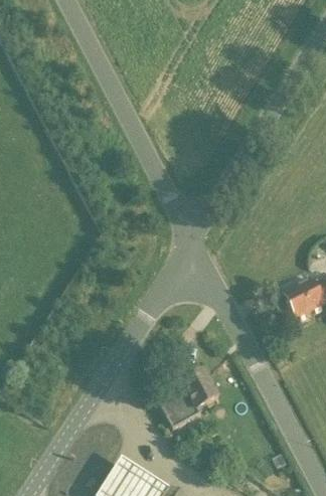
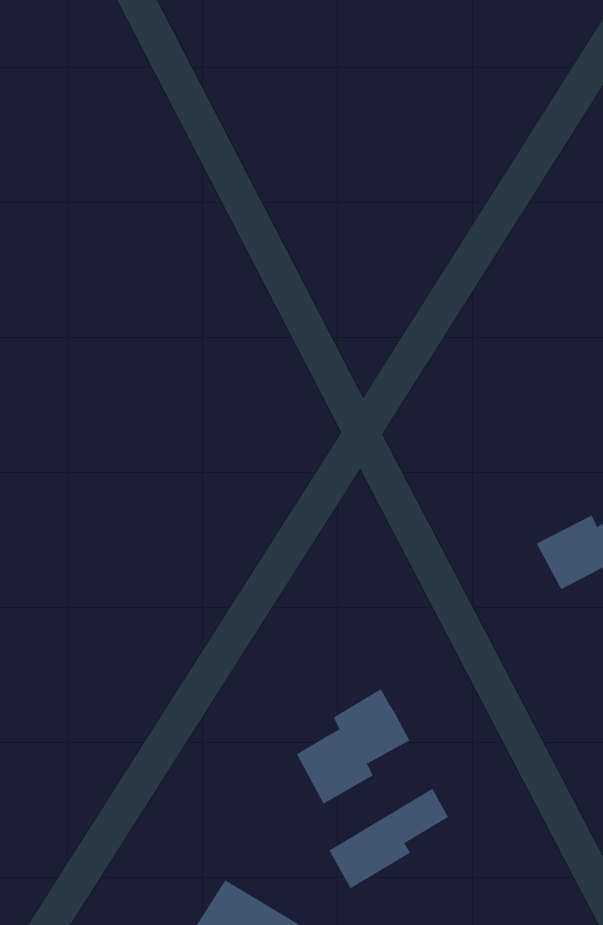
building: none -> [328,788,449,889]

